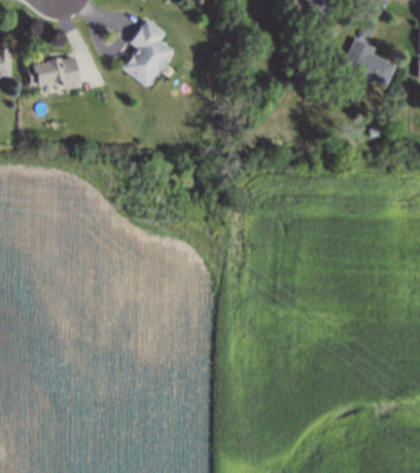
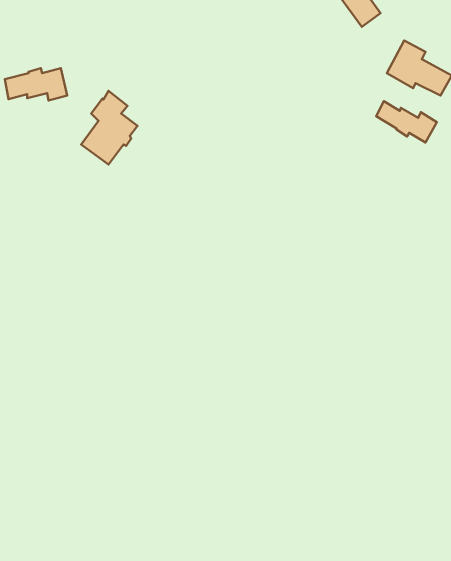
building: [126,24,172,84] -> [81,91,137,165]
building: none -> [376,101,437,142]

